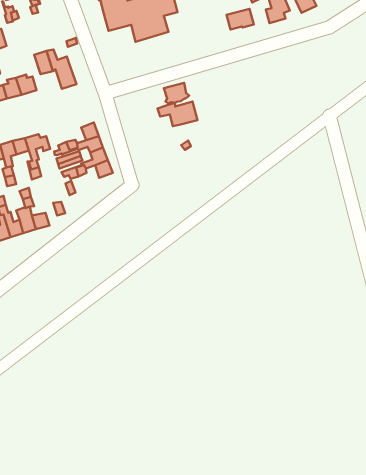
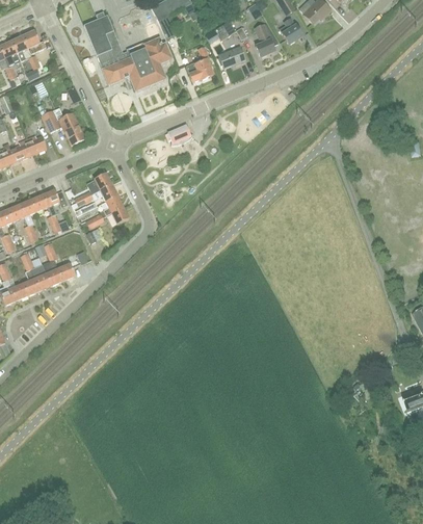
building: none -> [186,46,213,81]
building: [157,101,198,126] -> none

